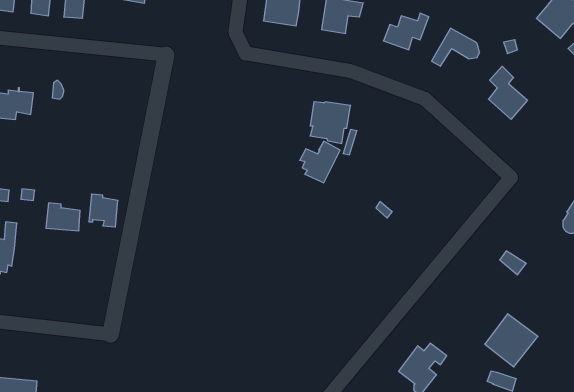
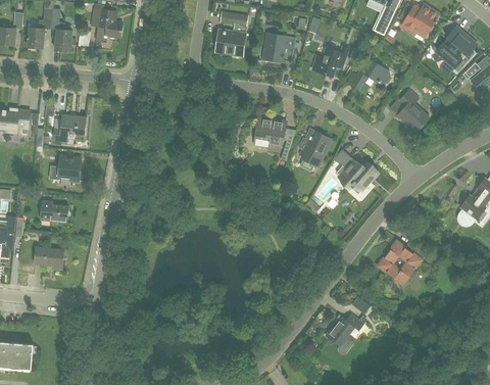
building: none -> [53,113,86,141]
building: [300,141,340,183] -> [298,132,331,165]
building: none -> [335,159,377,193]
building: [89,194,118,227] -> [57,154,81,181]
building: none -> [34,246,63,269]
building: [485,314,538,367] -> [378,241,421,284]

